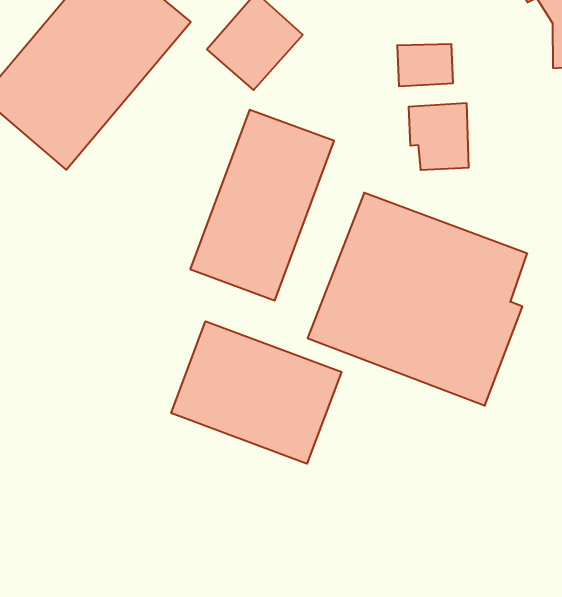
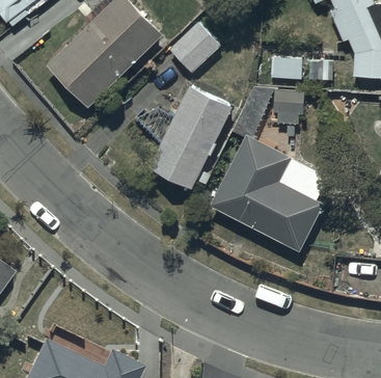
building: [171,321,341,464] -> none

